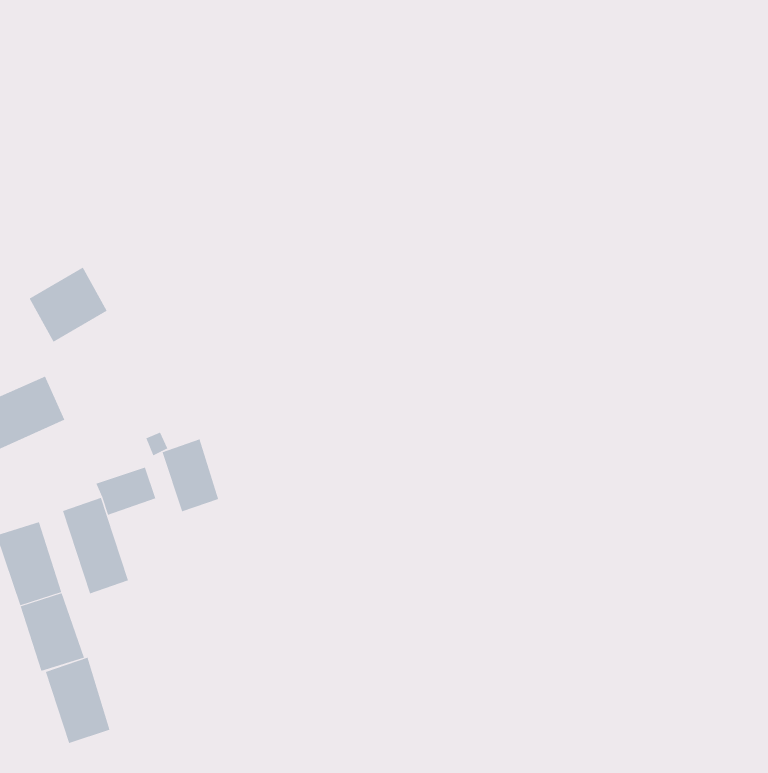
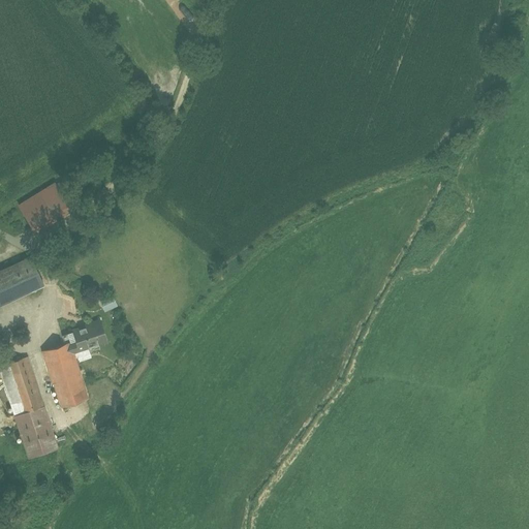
building: [162,439,219,512] -> none
building: [45,657,110,744] -> none

